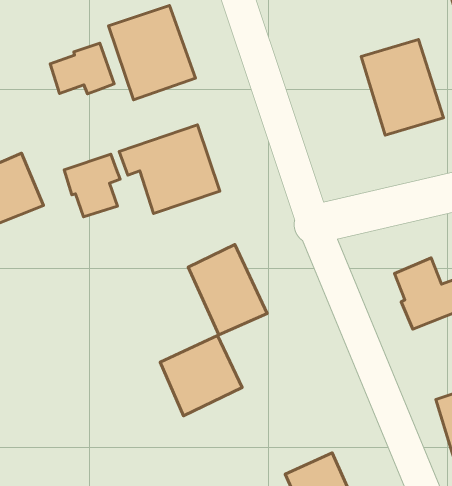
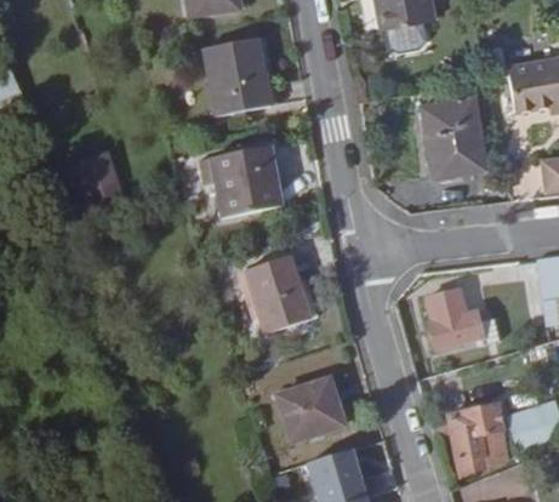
building: [50,43,114,94] -> none
building: [64,154,120,217] -> none
building: [160,335,242,416] -> [275,377,344,444]

